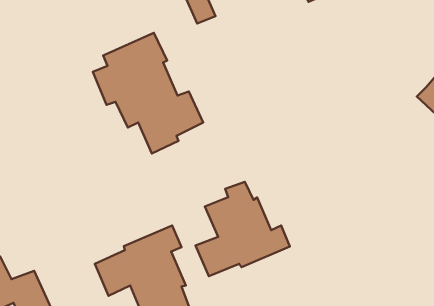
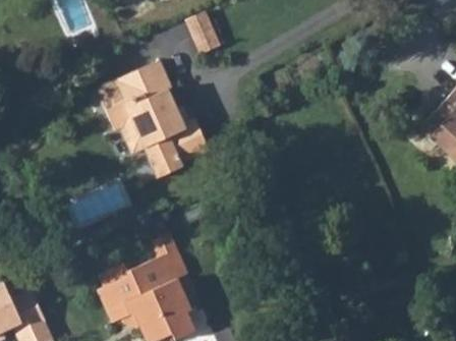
building: [196,182,290,276] -> none

